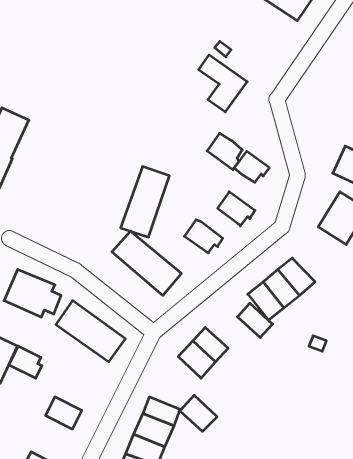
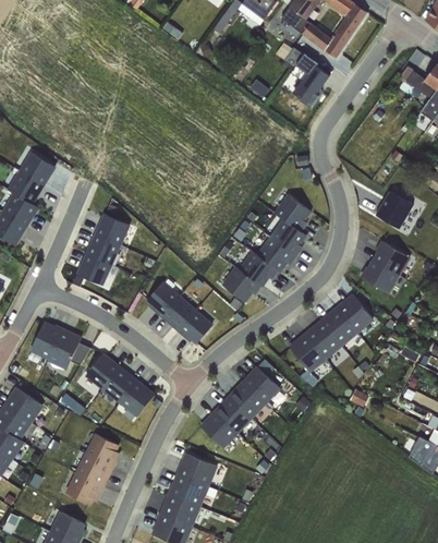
building: [199,55,247,112] -> [284,46,336,106]
building: [207,133,242,170] -> [267,219,304,257]
building: [121,167,169,237] -> [78,212,130,286]
building: none -> [238,252,277,287]
building: none -> [333,293,373,333]
building: [237,303,273,338] -> [242,366,279,402]
building: [9,346,42,378] -> [84,434,119,468]
building: [180,395,217,431] -> [198,411,238,449]
building: none -> [64,473,102,505]

